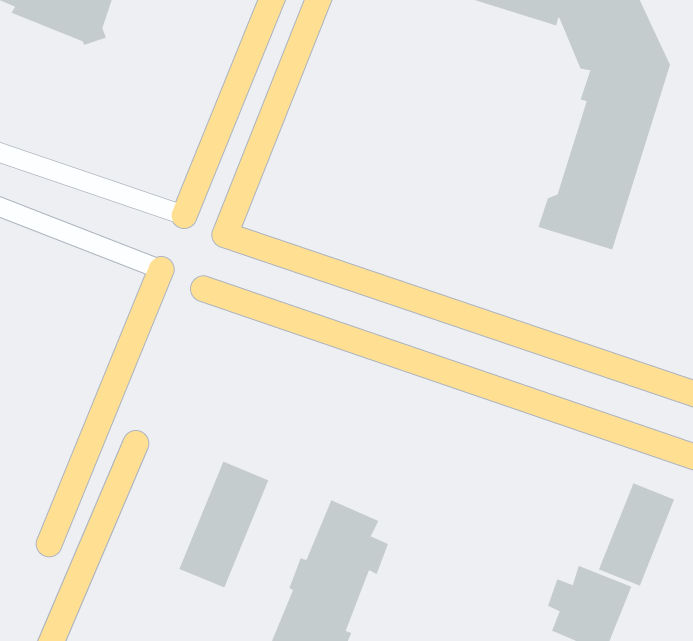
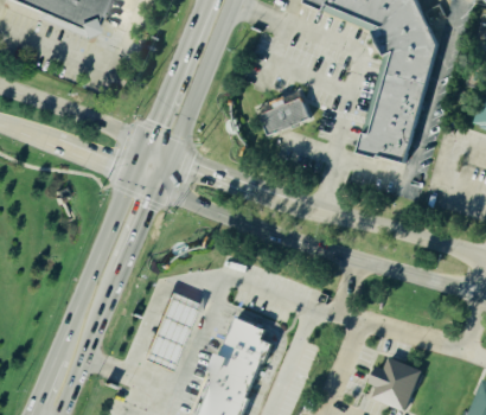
building: none -> [262,96,312,133]
building: [598,483,675,586] -> none

